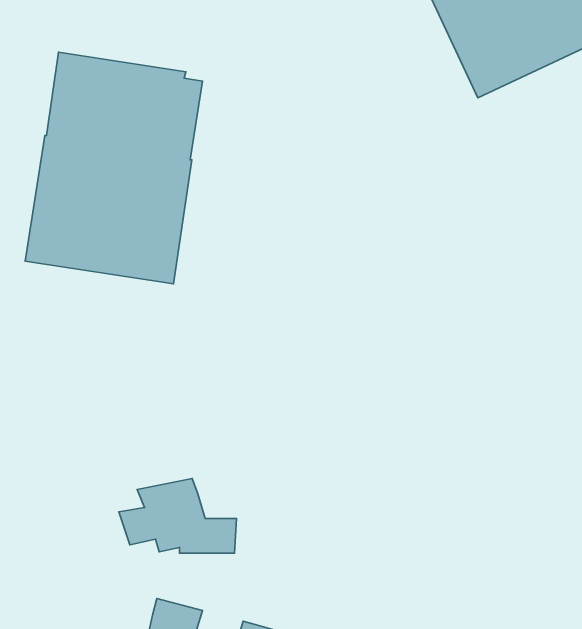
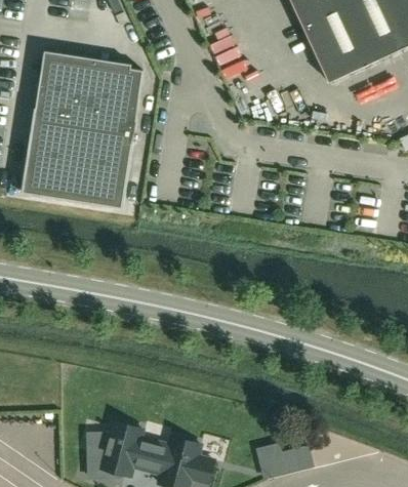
building: [119,479,236,553] -> none

